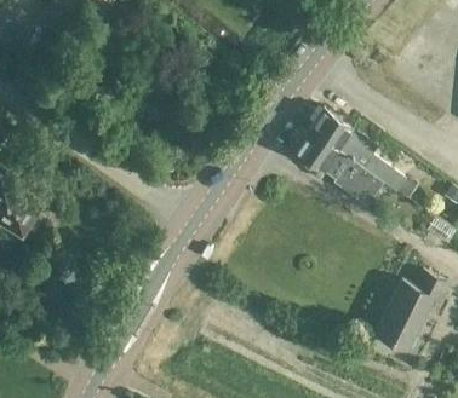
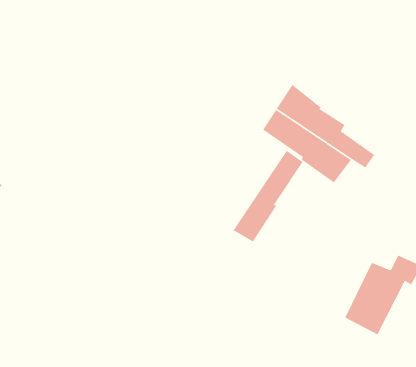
building: none -> [233,150,303,243]

